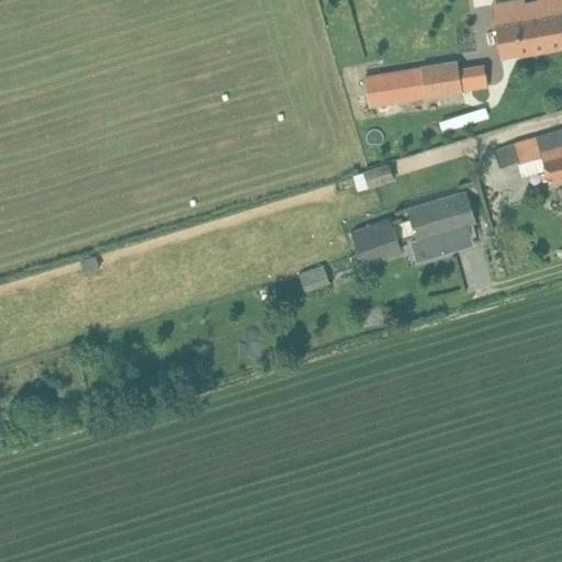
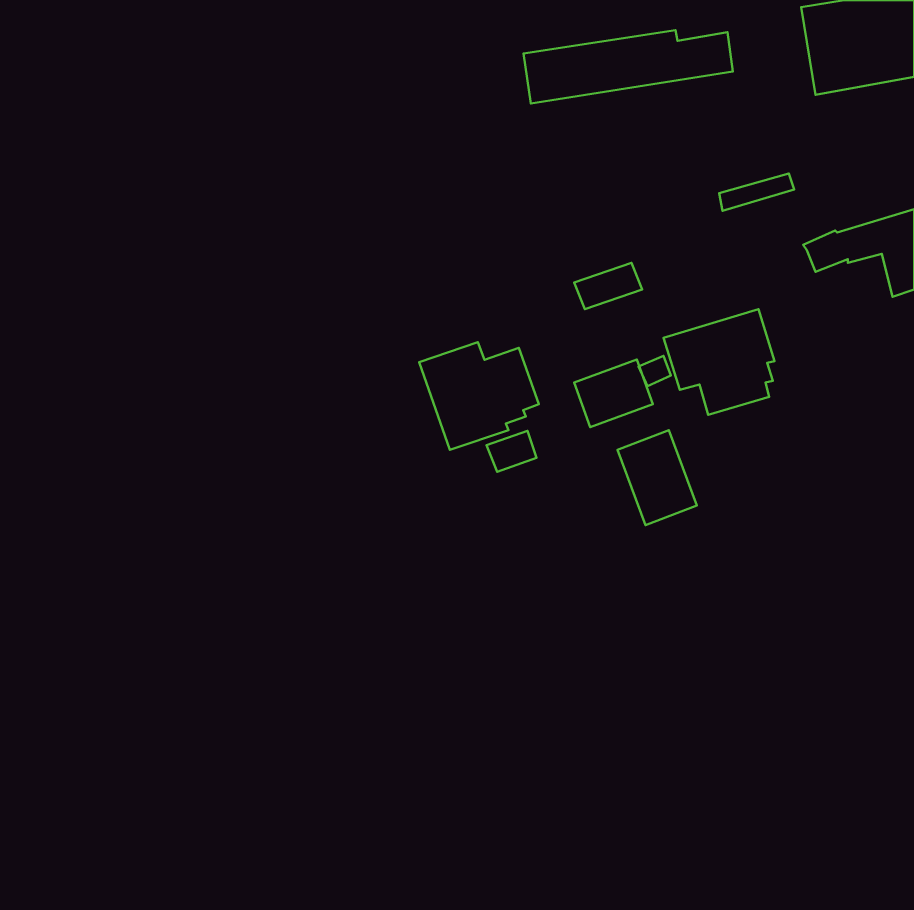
building: [366,63,494,108] -> [524,30,733,104]
building: none -> [419,342,539,450]
building: none -> [618,430,697,525]

